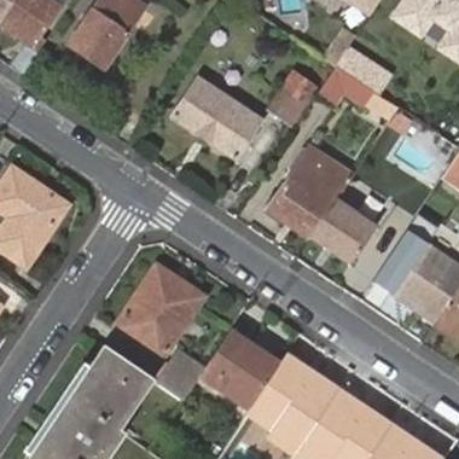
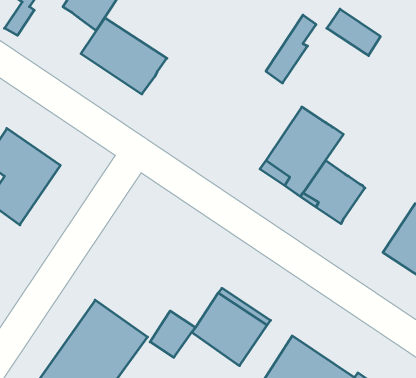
building: [318,66,376,108] -> none
building: [175,80,262,157] -> [81,18,167,94]
building: [362,233,418,296] -> none
building: [116,266,203,359] -> none

